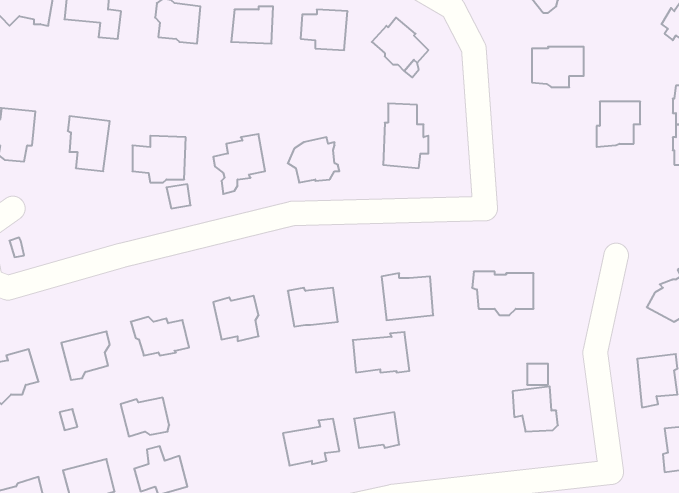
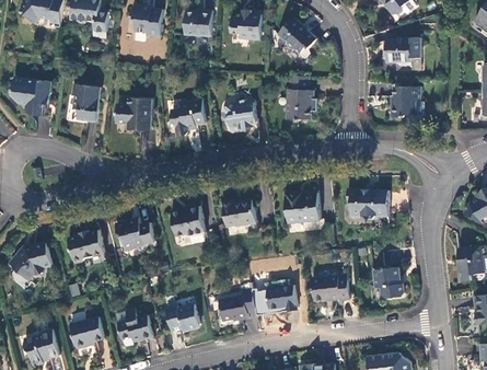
building: [597,102,640,147] -> [392,86,421,117]
building: [353,332,409,372] -> [311,273,349,300]
building: [121,398,169,436] -> [166,304,199,331]

